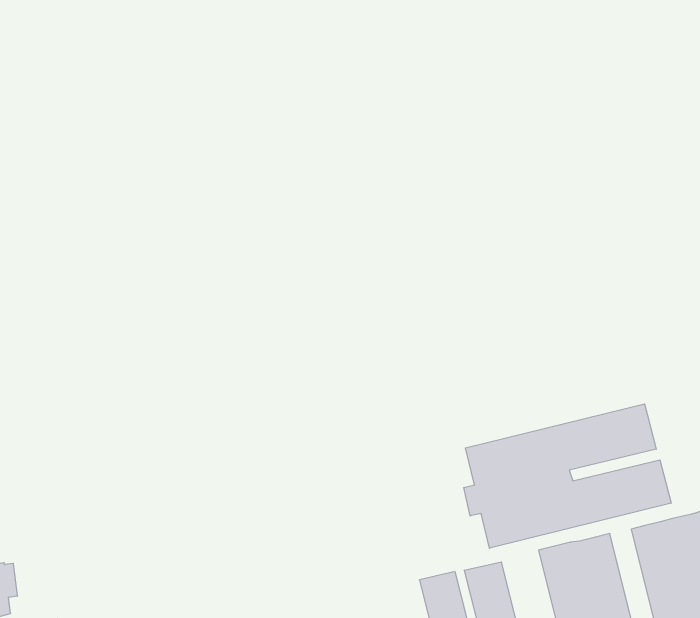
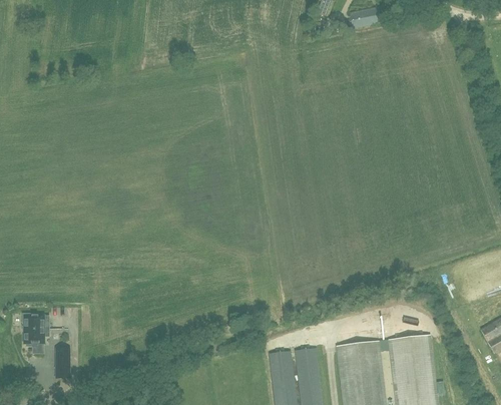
building: [464,404,671,548] -> none

